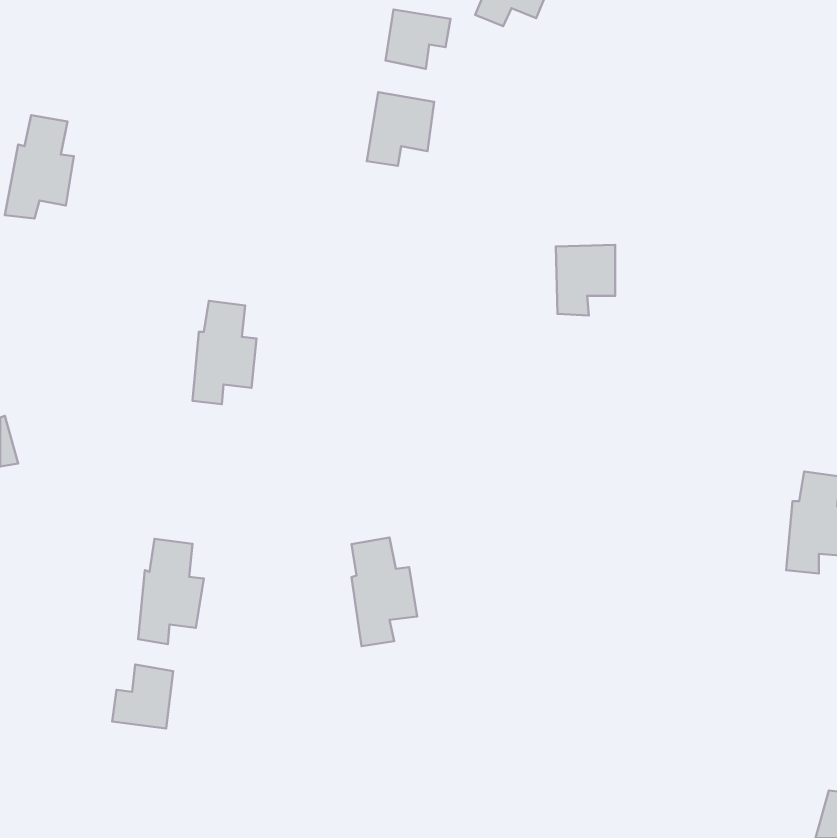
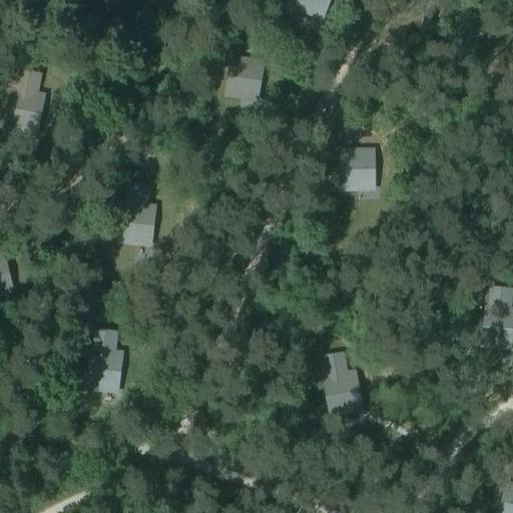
building: [385,9,451,69] -> none
building: [352,538,417,646] -> [323,353,363,419]
building: [112,665,173,729] -> none

